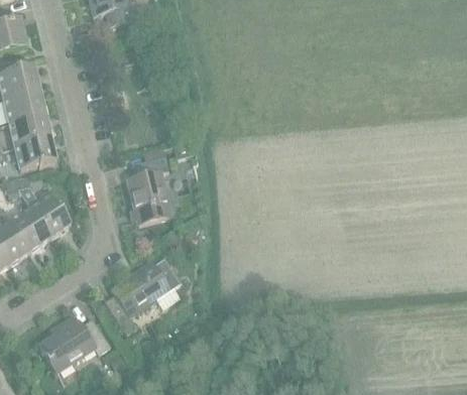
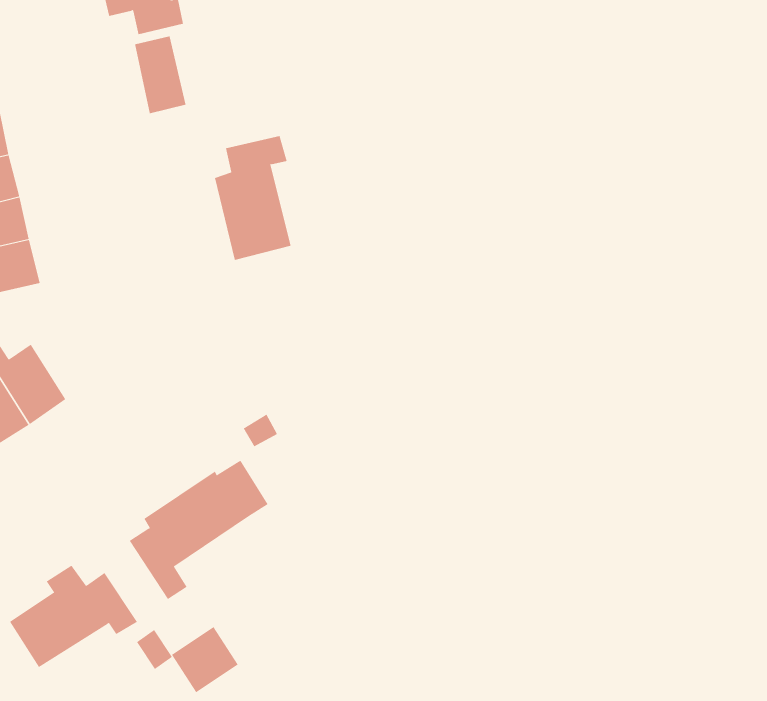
building: none -> [135,35,186,114]
building: [126,156,168,225] -> [214,135,291,261]
building: none -> [171,626,238,693]

